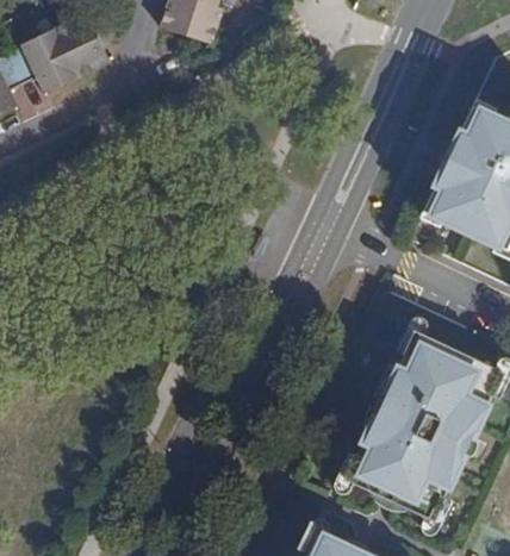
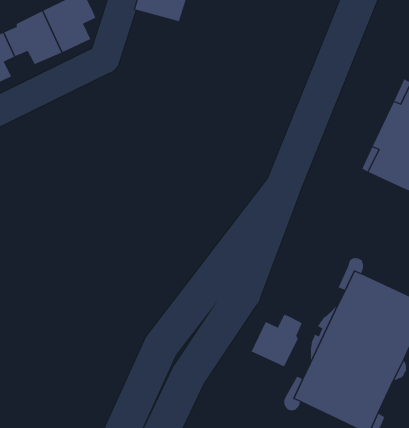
building: none -> [251,314,303,367]

